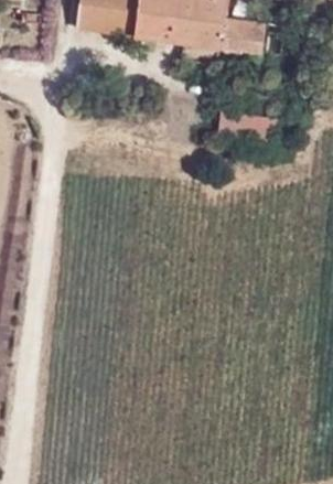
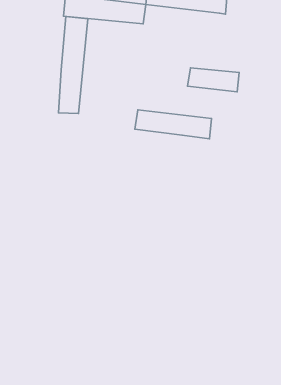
building: [169,21,256,54] -> [135,110,211,139]
building: none -> [58,16,88,114]

